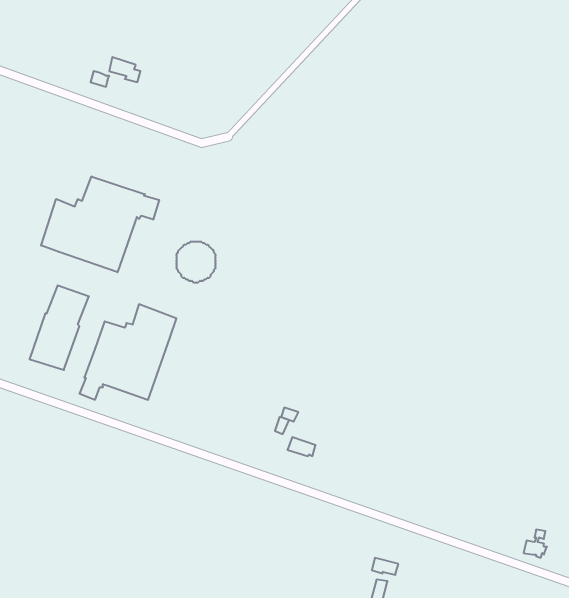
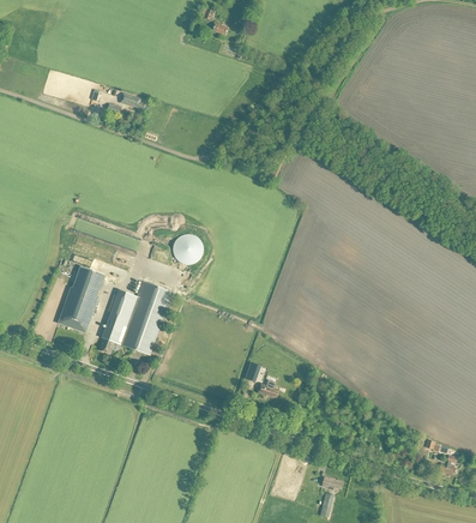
building: [41,176,159,272] -> none

